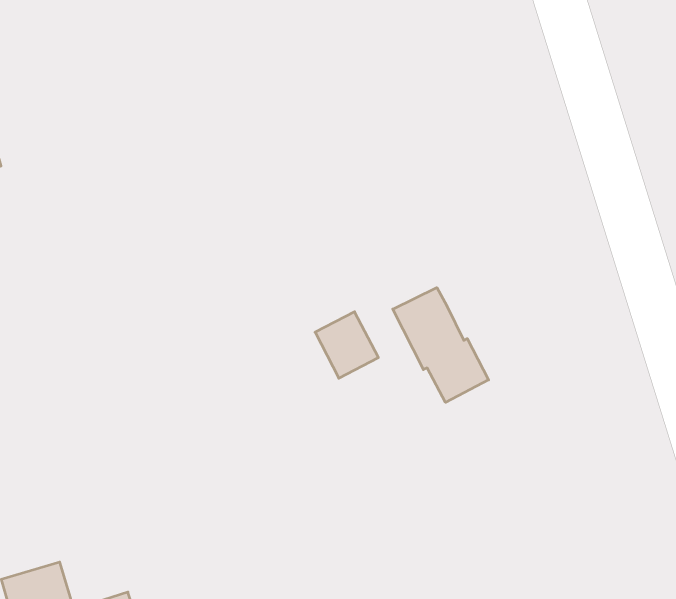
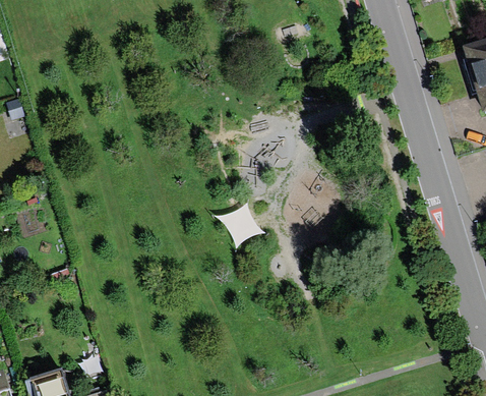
building: [393,288,489,402] -> none

